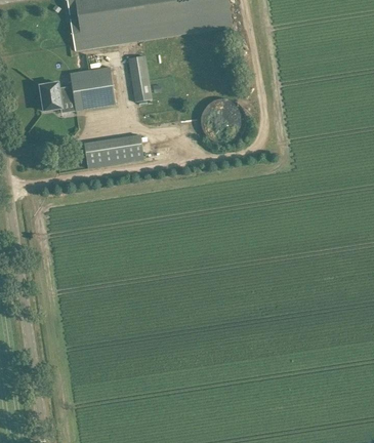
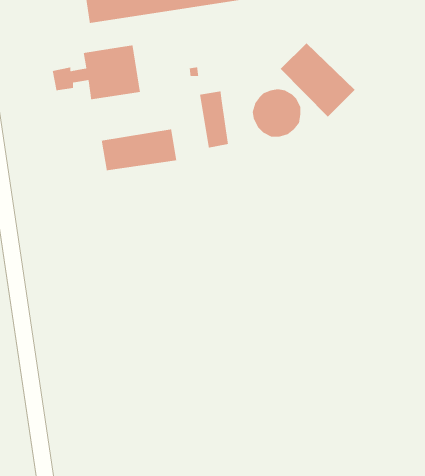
building: [127,55,151,102] -> [199,90,229,148]
building: none -> [280,42,356,118]

